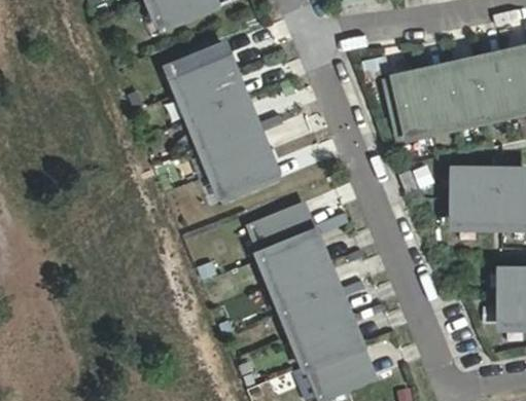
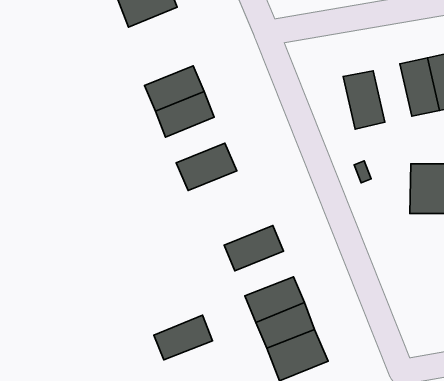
building: [171,42,233,92] -> none
building: [419,69,459,130] -> none
building: [204,124,266,172] -> none
building: [251,203,315,257] -> none
building: [276,263,337,309] -> [154,315,213,360]

